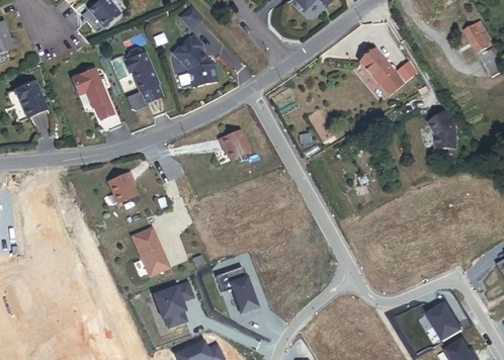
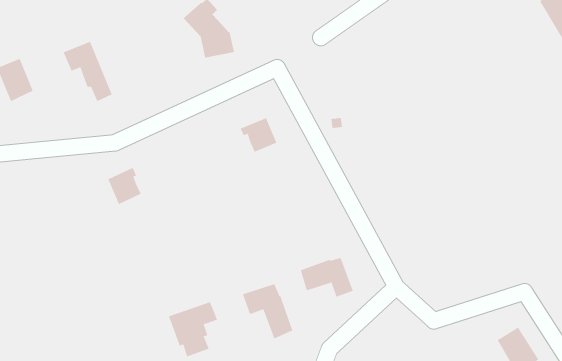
building: [122,47,159,98] -> none
building: [359,48,402,94] -> none
building: [428,110,454,146] -> none
building: [130,228,167,276] -> none
building: none -> [300,257,353,297]

